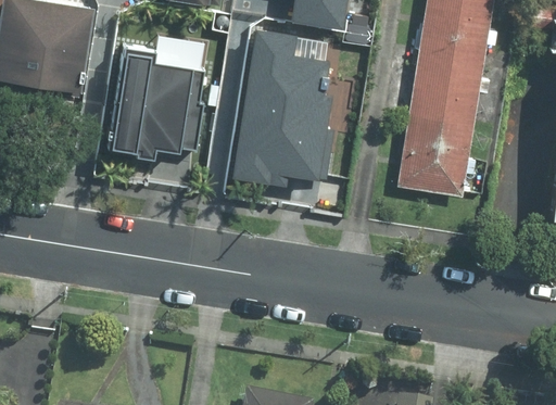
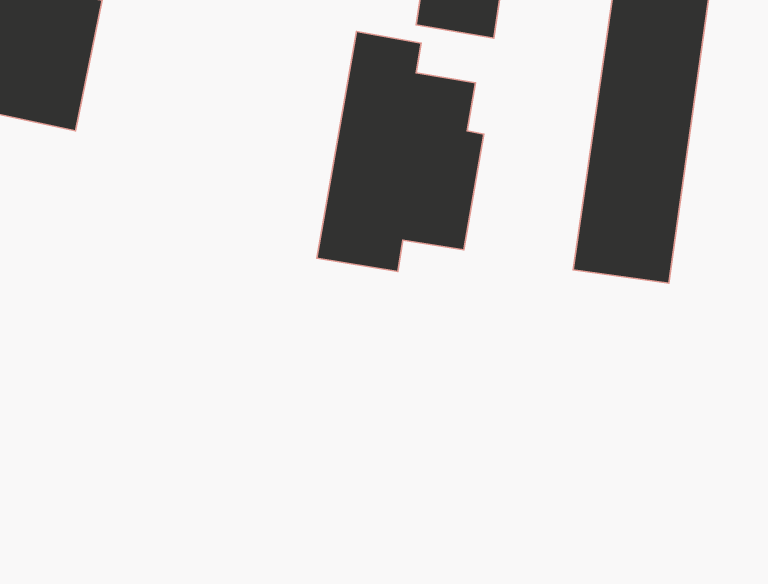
building: [106,48,208,161] -> none

